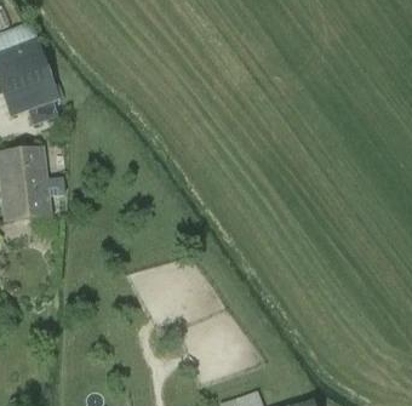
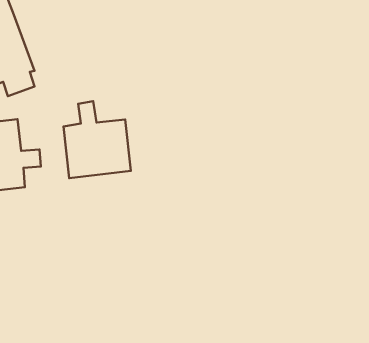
building: none -> [64,101,131,178]

